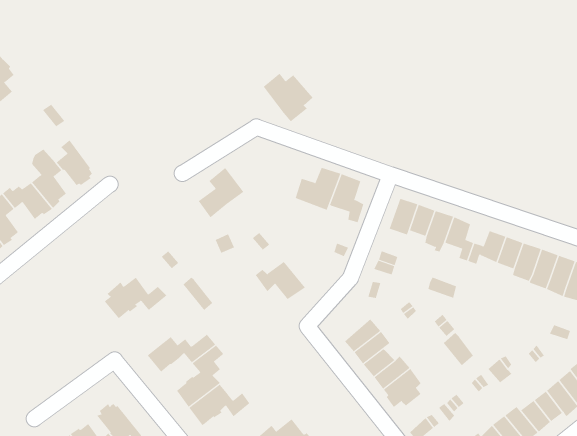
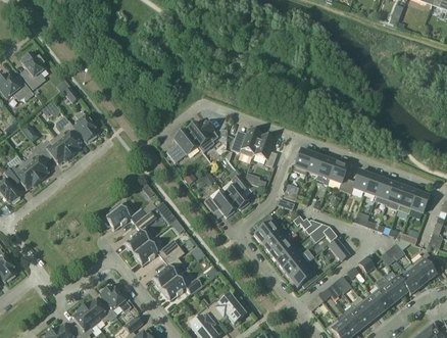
building: [263,73,314,122] -> [185,119,218,152]
building: none -> [224,175,249,208]
building: none -> [123,210,156,253]
building: none -> [253,213,281,244]

